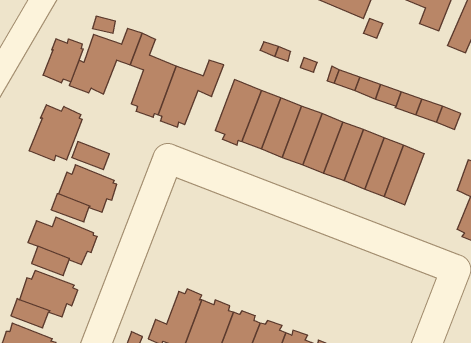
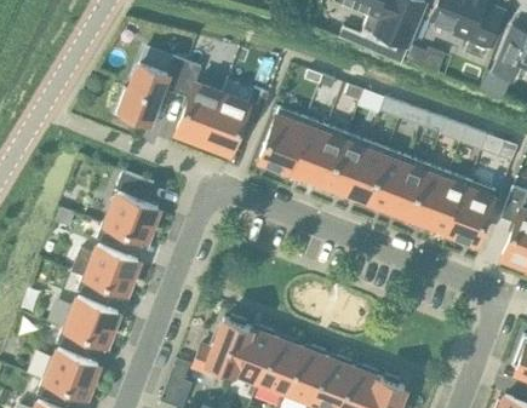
building: [43,39,83,83] -> none
building: [29,105,82,161] -> none
building: none -> [449,183,496,245]

